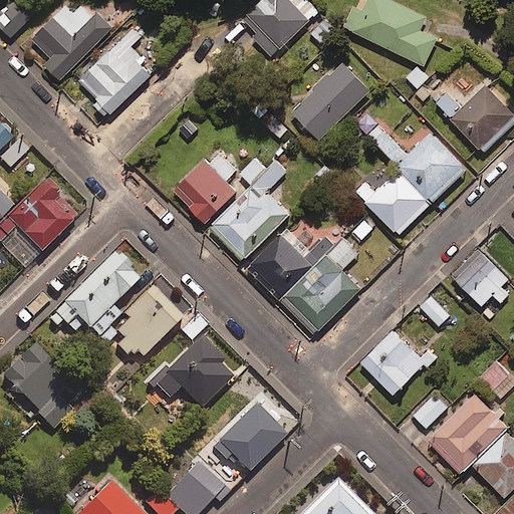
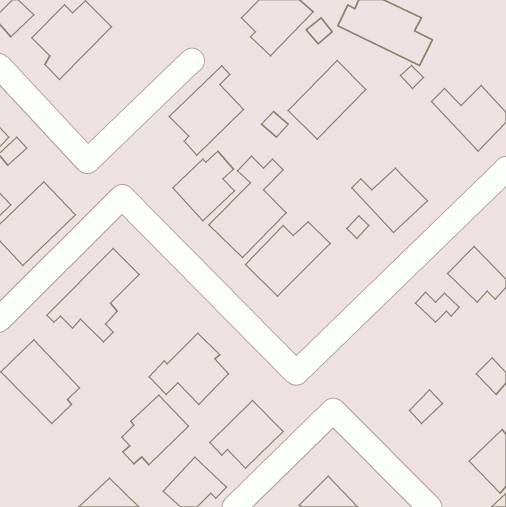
building: [79,27,155,117] -> [169,66,244,155]
building: [368,127,467,203] -> none
building: [282,238,359,334] -> none
building: [114,287,182,357] -> [122,395,189,465]
building: [361,331,434,395] -> none
building: [428,395,507,474] -> none

